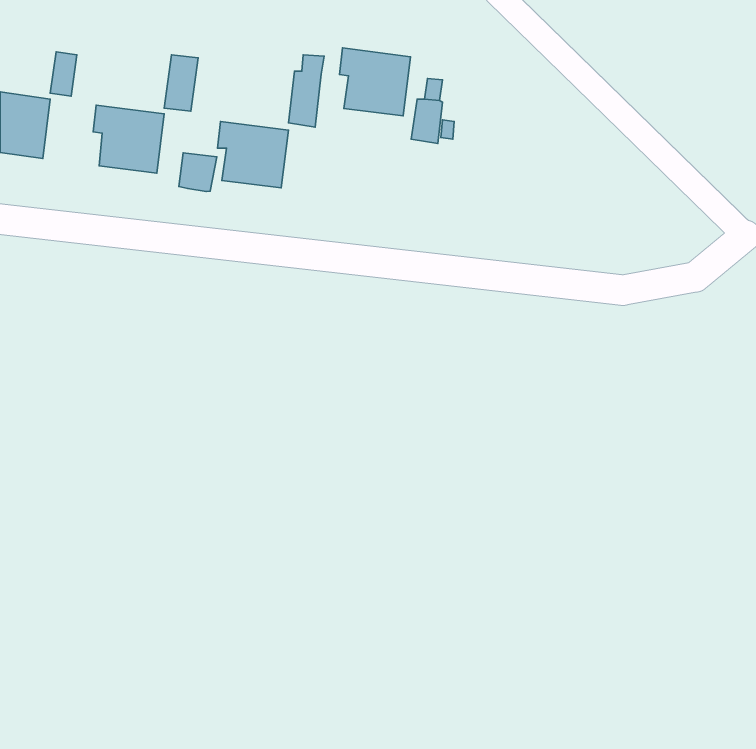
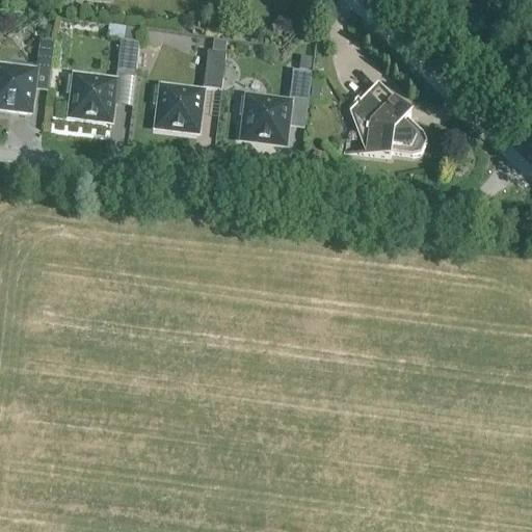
building: [339,48,410,116] -> [239,96,289,143]
building: none -> [345,82,427,157]
building: [179,153,217,191] -> none

